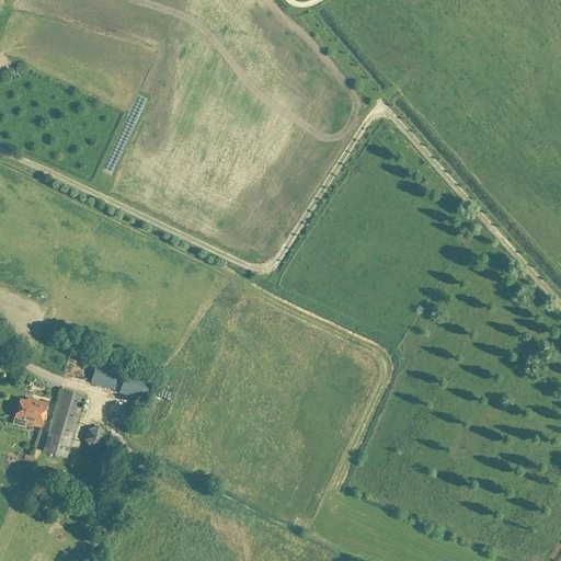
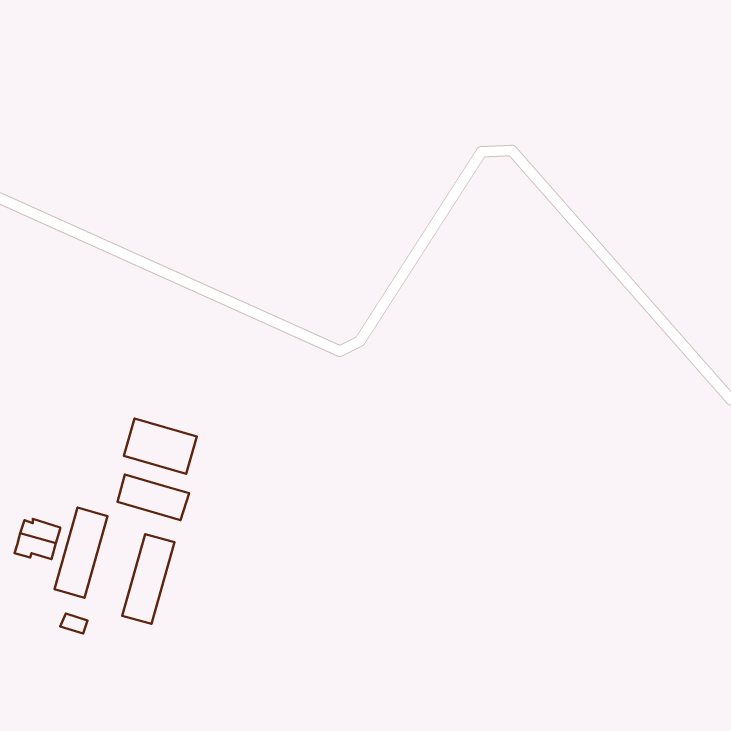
building: none -> [124,419,197,474]
building: none -> [122,534,174,624]

